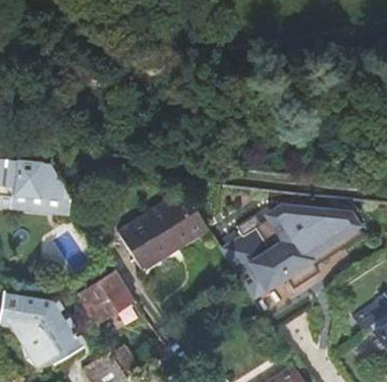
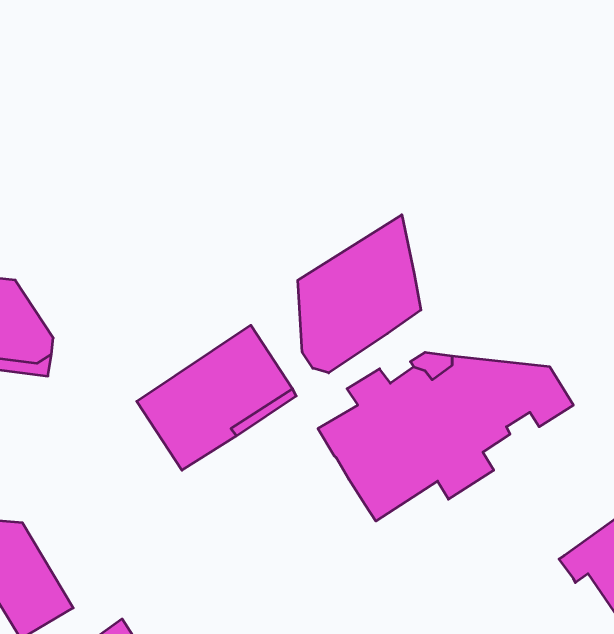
building: none -> [298,215,421,373]
building: [81,272,135,324] -> none

